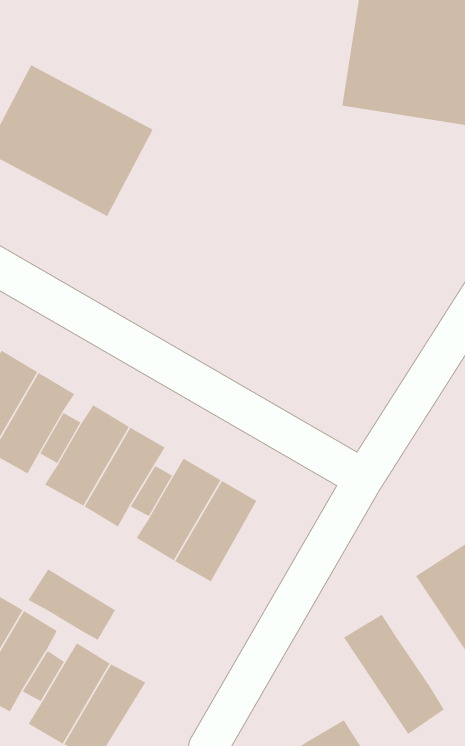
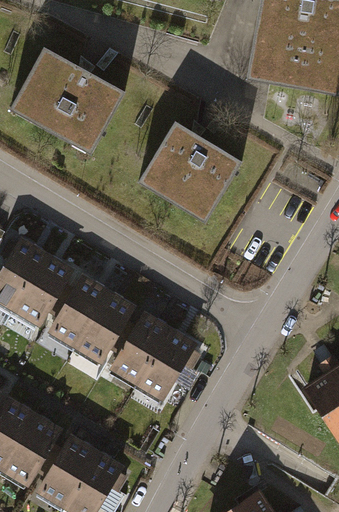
building: none -> [142,121,241,216]
building: [28,569,116,641] -> none
building: [343,614,445,735] -> none

